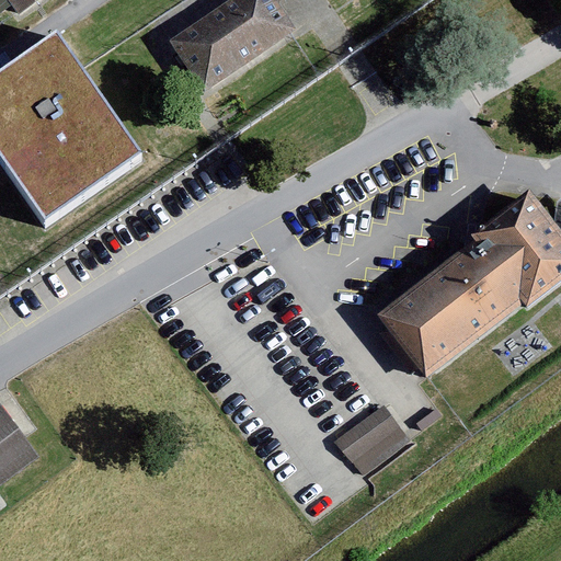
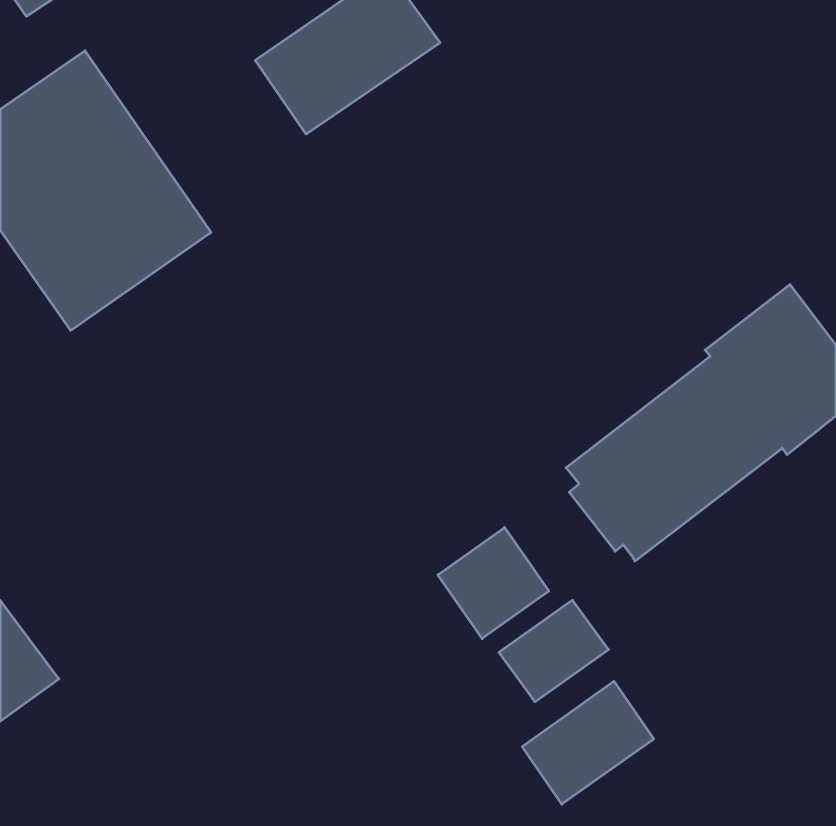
building: none -> [438,527,549,639]
building: none -> [522,681,654,804]

